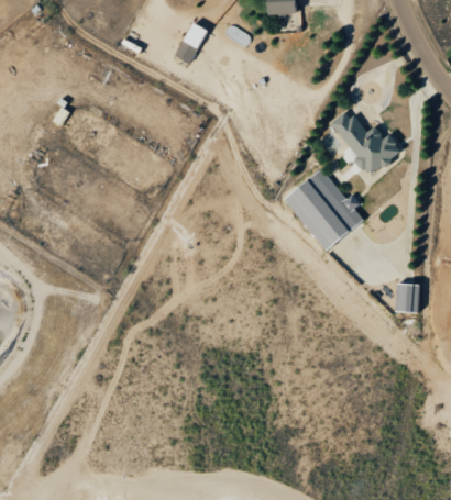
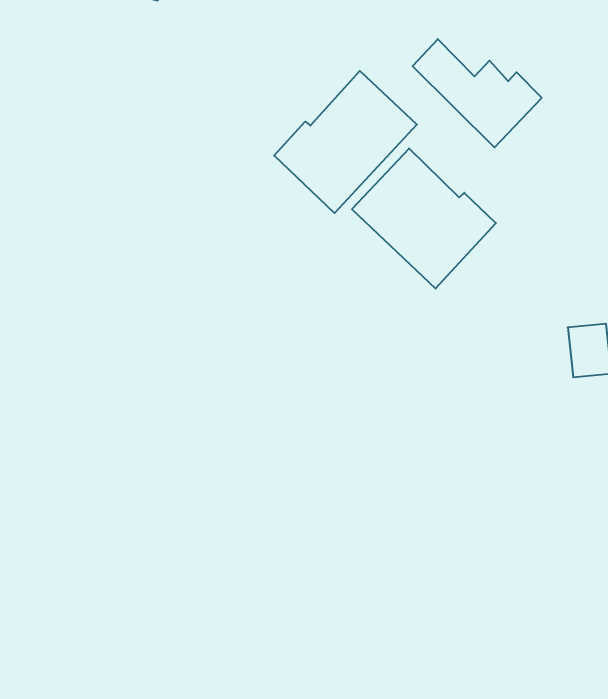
building: none -> [274,71,417,213]

